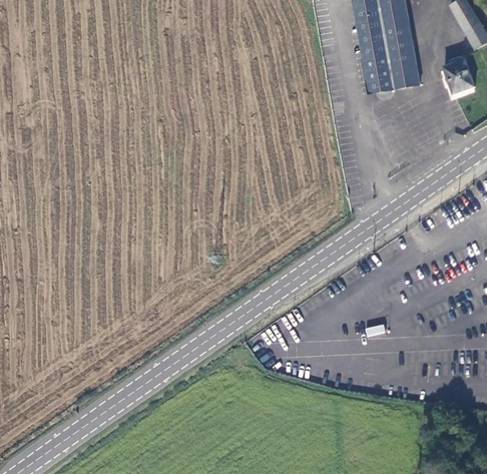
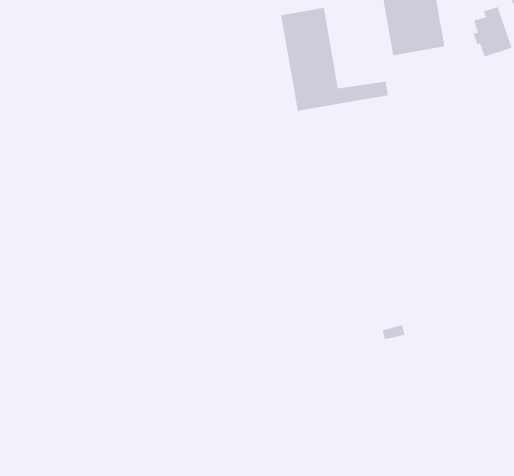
building: none -> [281,7,389,112]

